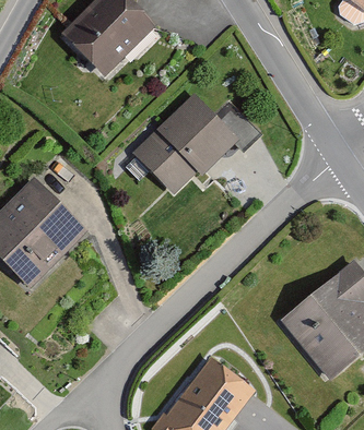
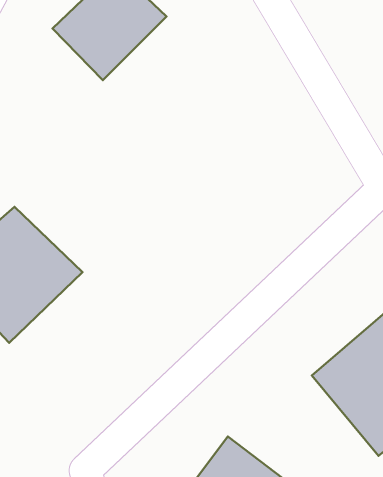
building: [133,89,239,190] -> none

